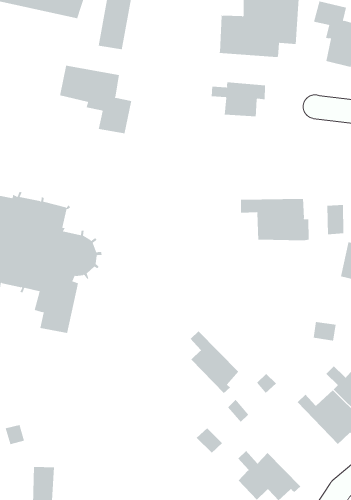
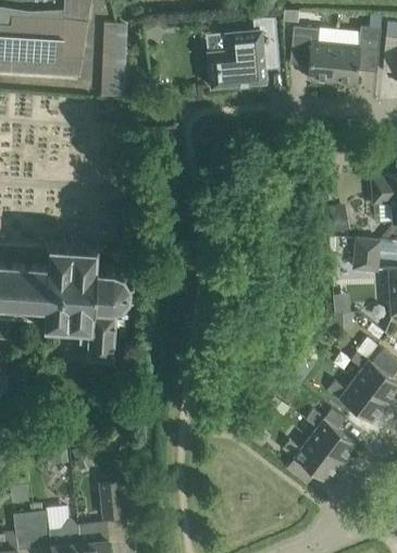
building: [60,65,132,134] -> none
building: [211,82,265,117] -> none
building: [241,198,309,241] -> none
building: [190,331,239,394] -> [306,411,355,465]

